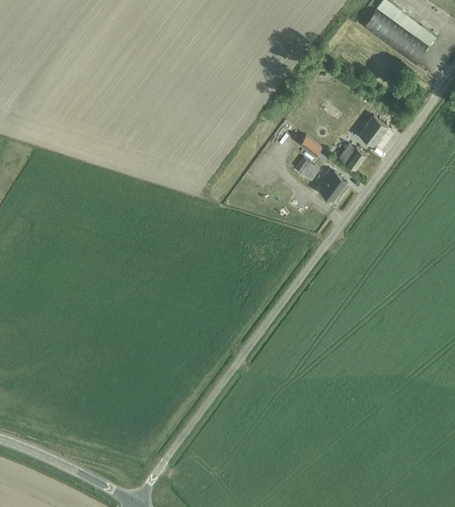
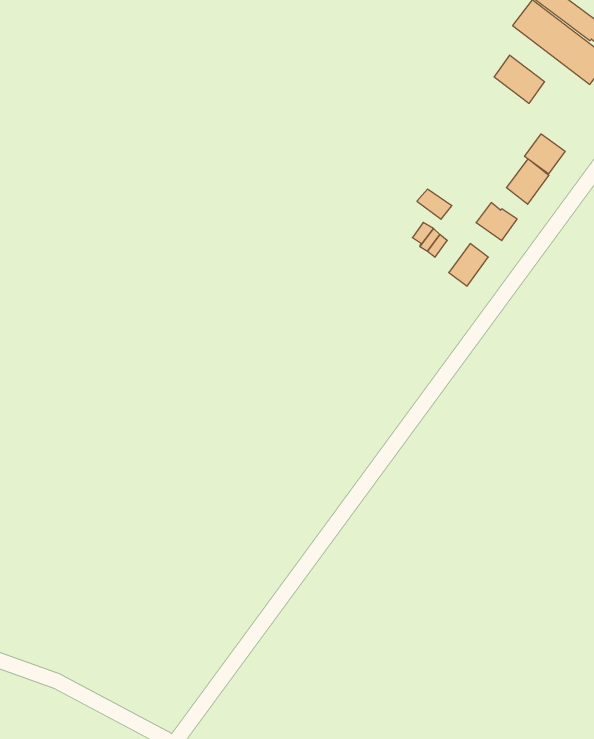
building: none -> [494,55,544,103]
building: none -> [525,134,565,174]

